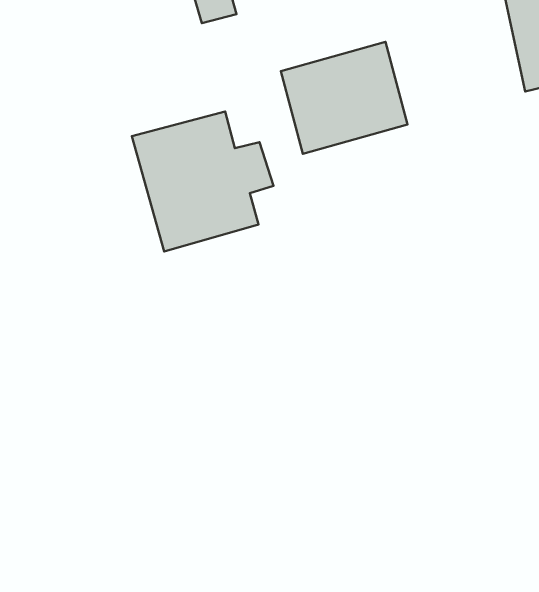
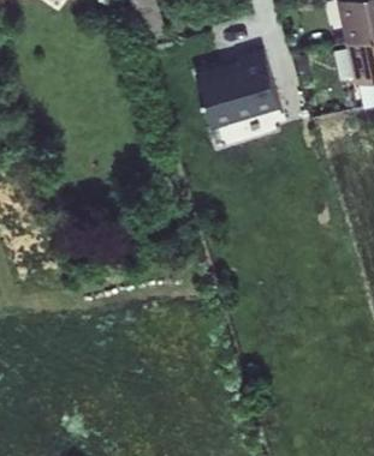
building: [132,112,274,251] -> none

